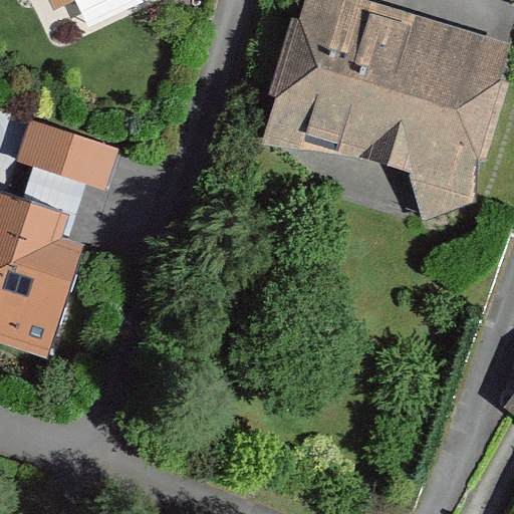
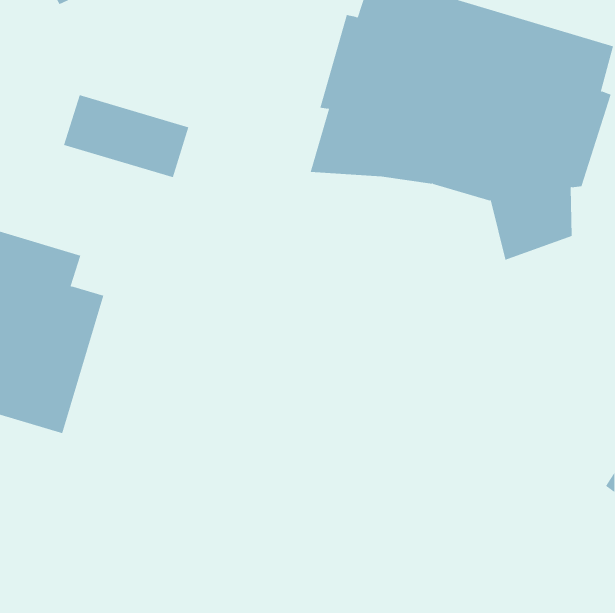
building: [18,120,122,190] -> [63,94,189,178]

